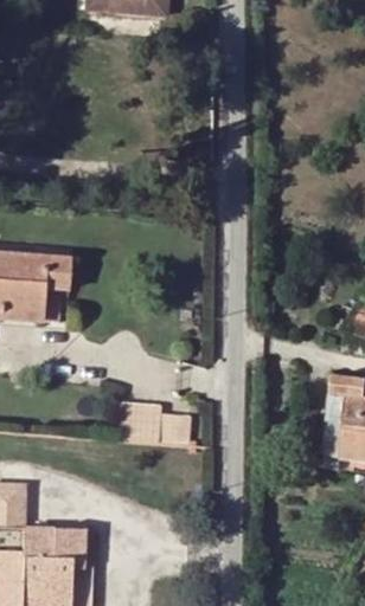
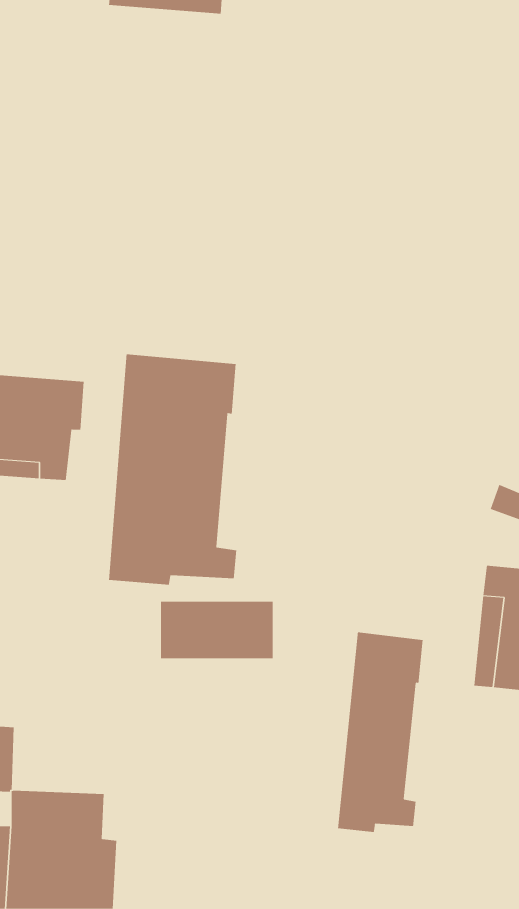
building: none -> [109,353,237,586]
building: none -> [338,632,423,833]

